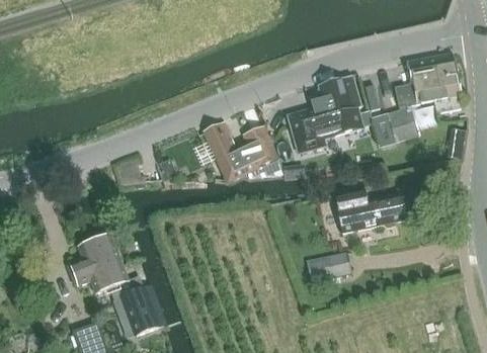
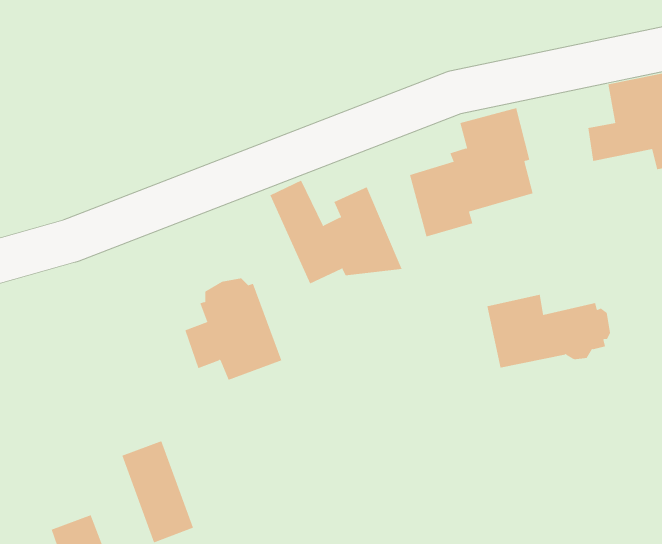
building: [371,107,418,147] -> none
building: [68,230,127,291] -> [184,278,282,381]
building: [305,252,350,279] -> none

